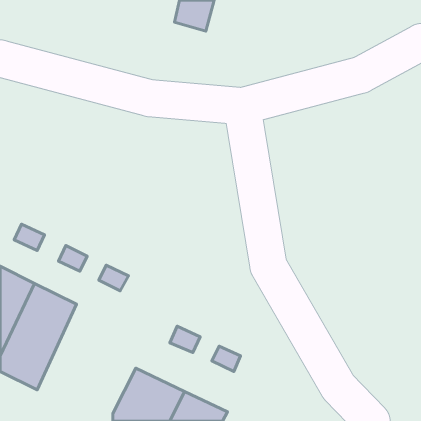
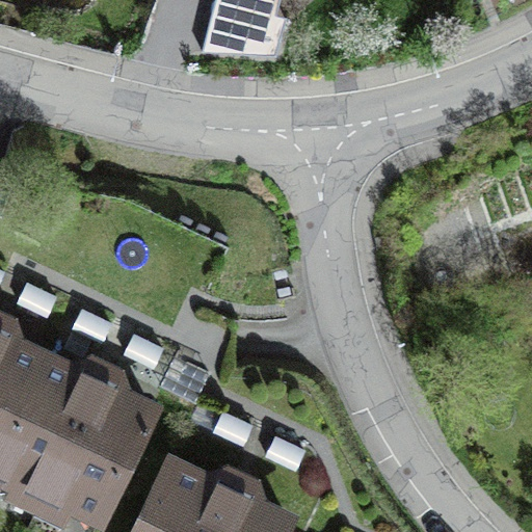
building: none -> [47,383,151,517]

